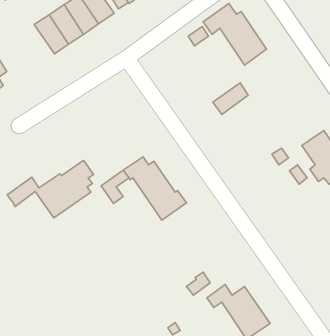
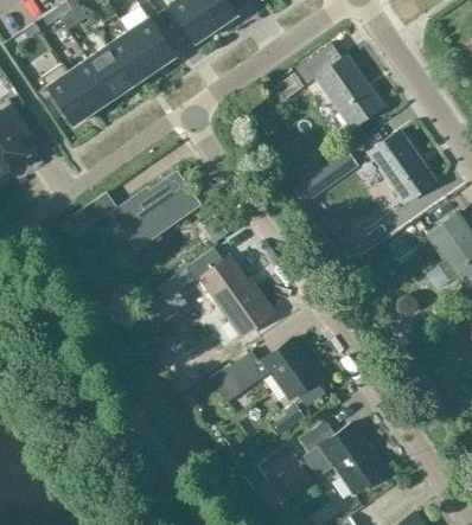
building: none -> [42,63,95,124]
building: none -> [369,130,434,201]
building: [7,161,93,218] -> [74,169,190,247]
building: none -> [210,338,323,406]

